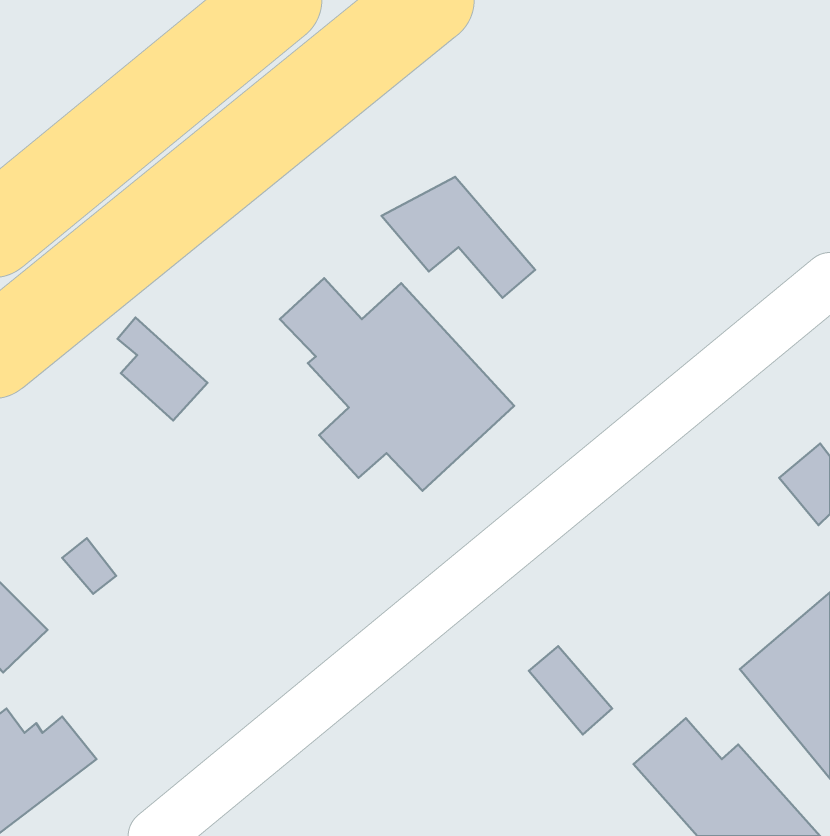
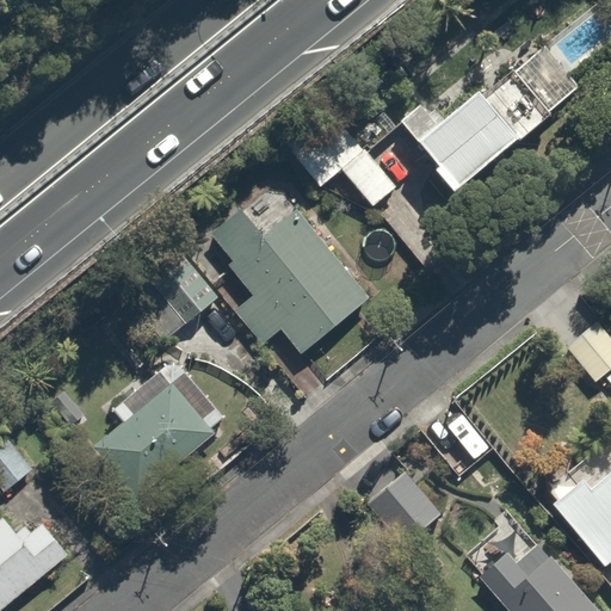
building: none -> [401,50,573,186]
building: [117,317,207,421] -> [153,249,218,325]
building: none -> [93,356,227,498]

